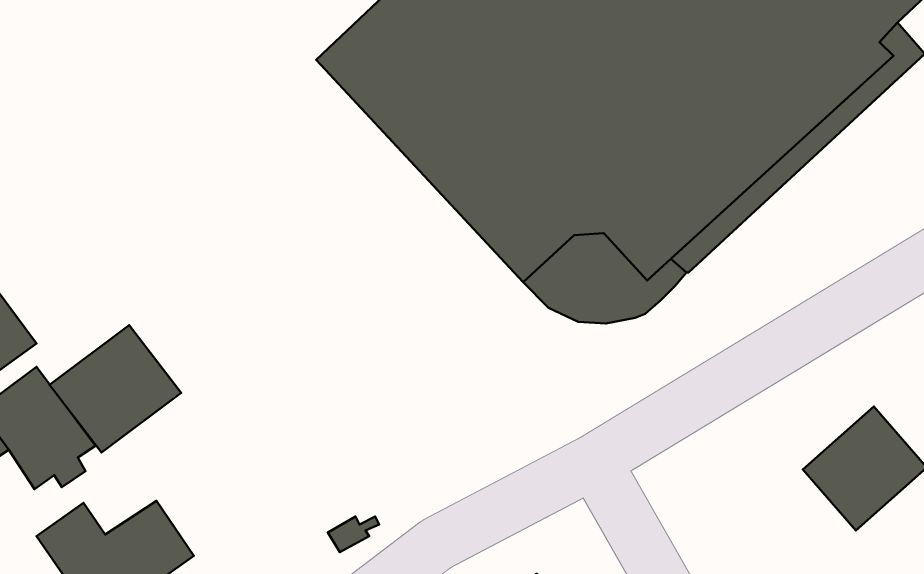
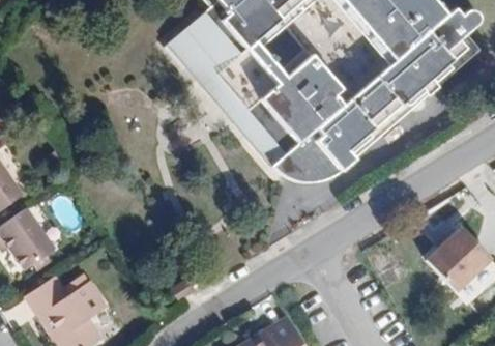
building: [50,325,181,452] -> none

